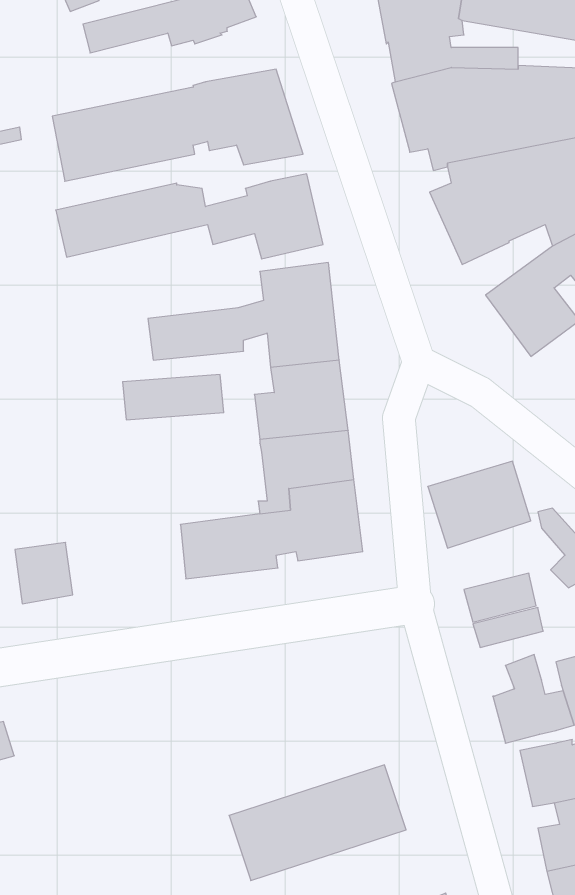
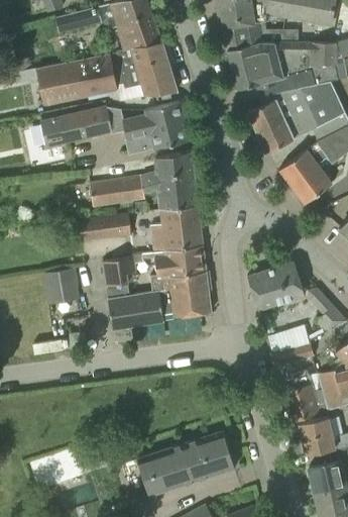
building: none -> [116,14,162,53]
building: none -> [104,256,136,285]
building: [15,542,73,604] -> [47,266,80,300]

